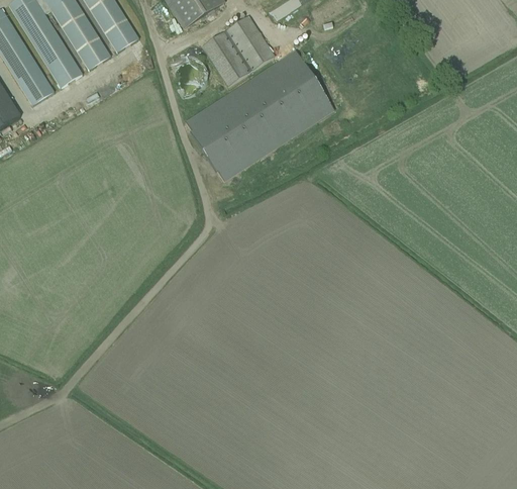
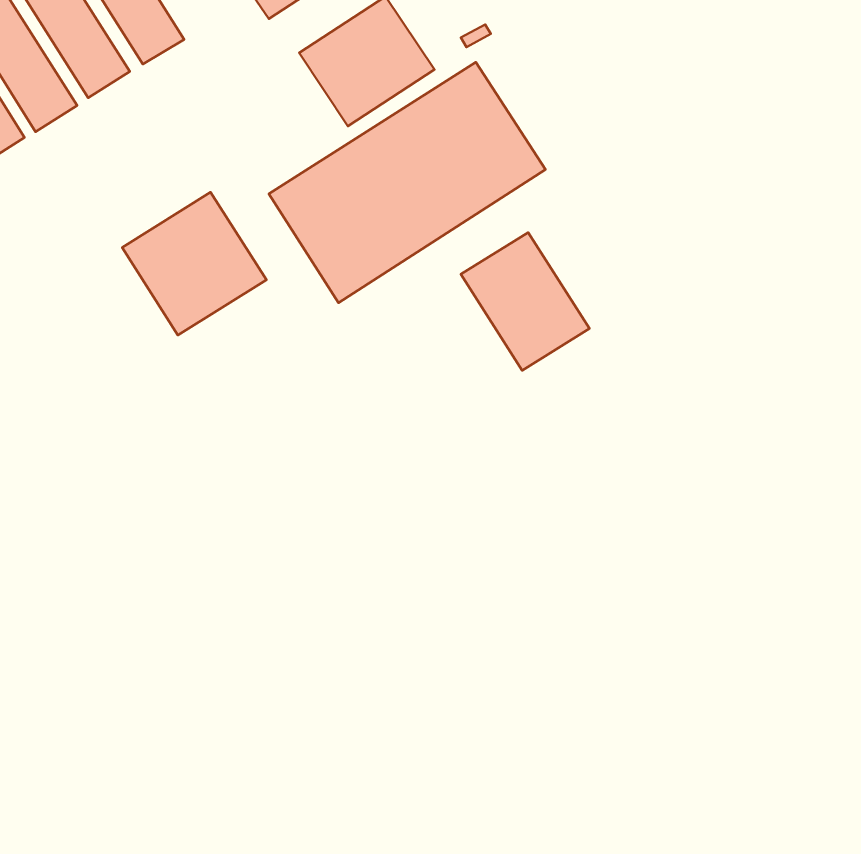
building: none -> [122,192,267,335]
building: none -> [461,232,589,370]

